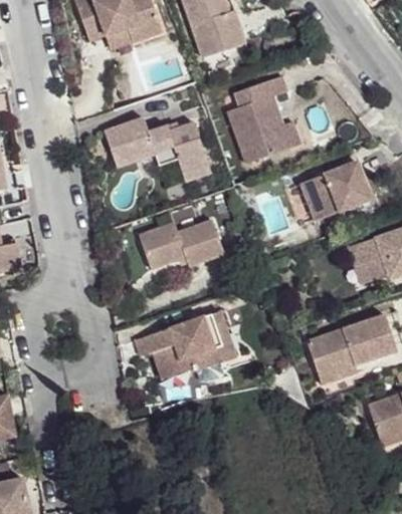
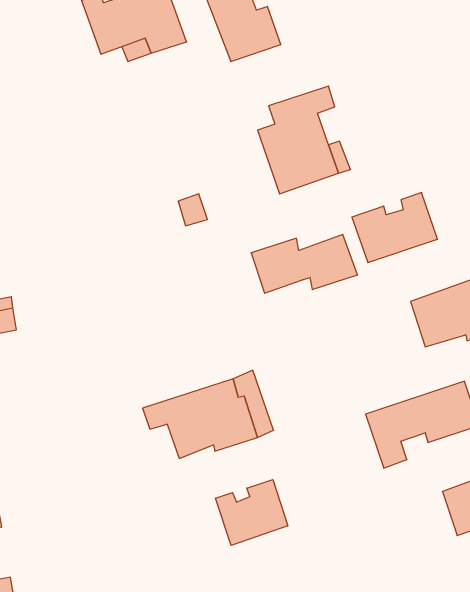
building: [103,115,213,180] -> none
building: [138,217,225,265] -> [251,235,358,293]
building: none -> [216,480,288,545]

